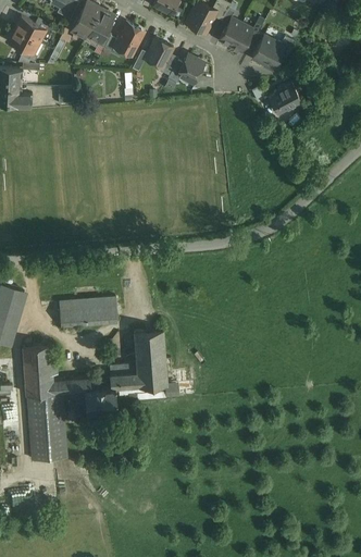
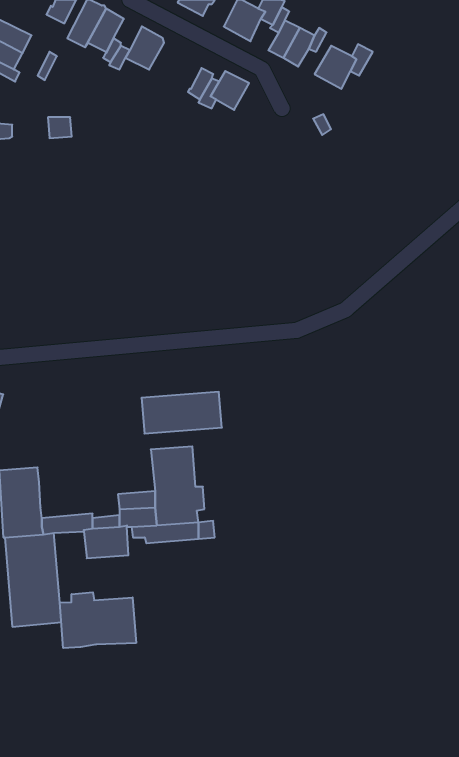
building: [145,38,173,67] -> none
building: [267,82,301,112] -> none
building: [59,297,117,327] -> [141,392,222,434]
building: none -> [60,592,136,648]

